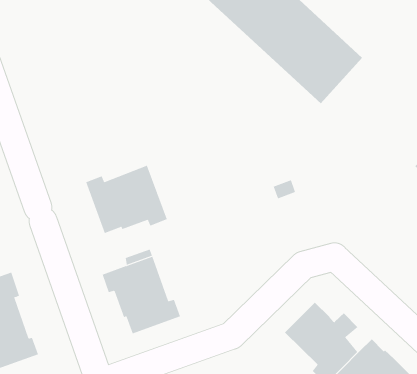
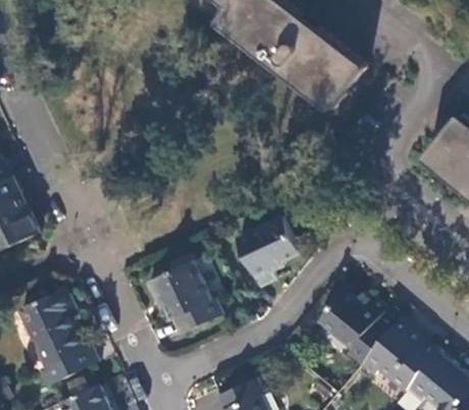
building: [85,165,167,234] -> none
building: none -> [236,218,301,289]

